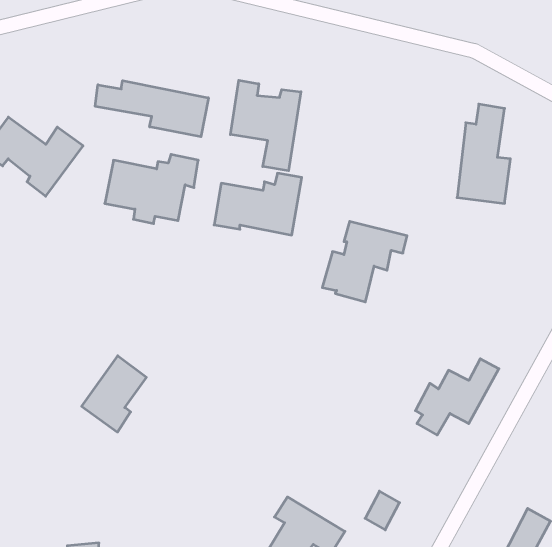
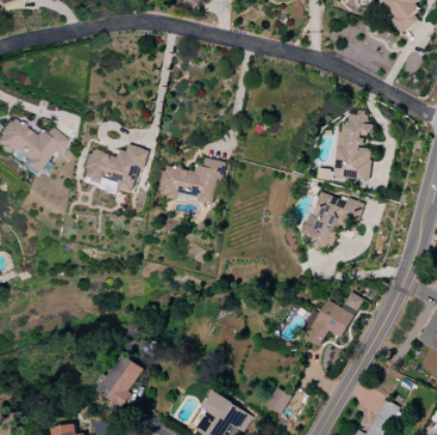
building: [230,80,301,171] -> none
building: [95,81,208,137] -> none
building: [322,221,407,302] -> [300,192,361,250]
building: [82,356,146,432] -> [96,353,143,408]

